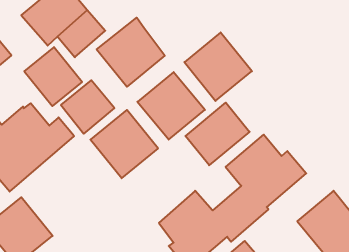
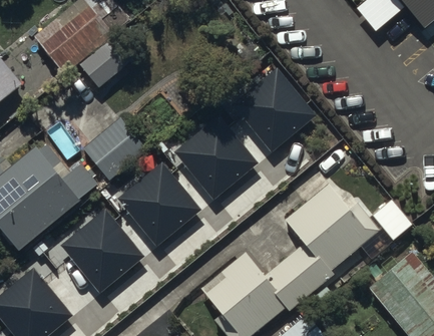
building: [97,18,165,87] -> none
building: [24,47,82,106] -> none
building: [185,103,250,165] -> none
building: none -> [61,204,144,287]

